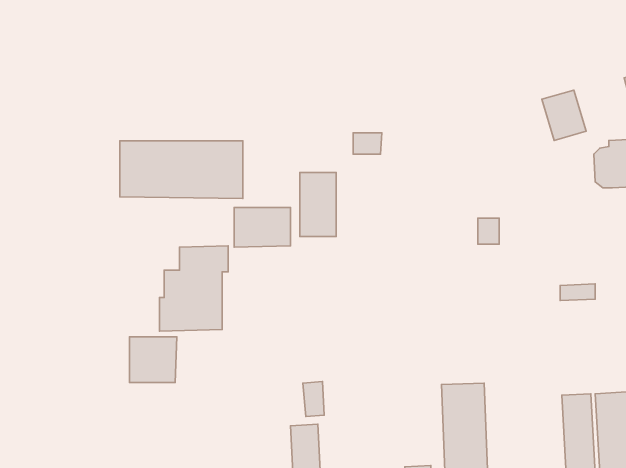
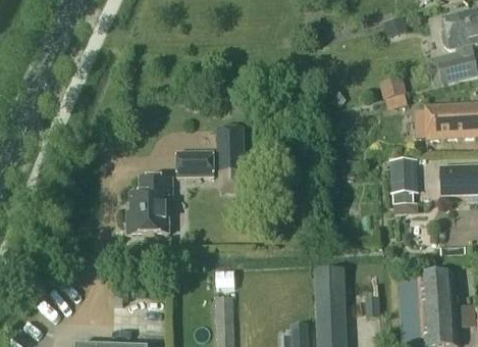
building: [120,141,243,198] -> none
building: none -> [389,156,418,192]
building: [129,337,177,383] -> none

